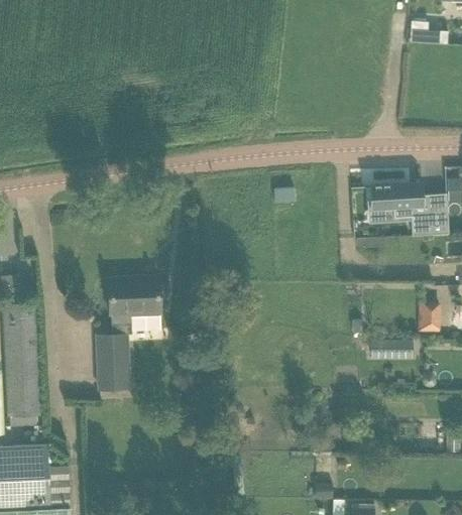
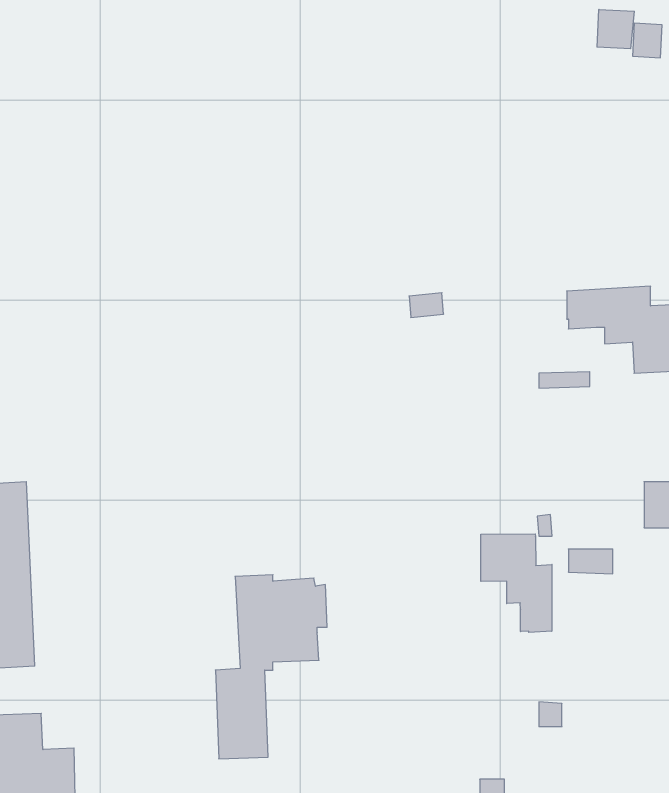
building: none -> [597,9,634,49]
building: [97,277,165,390] -> [215,575,327,759]
building: none -> [481,534,552,632]

